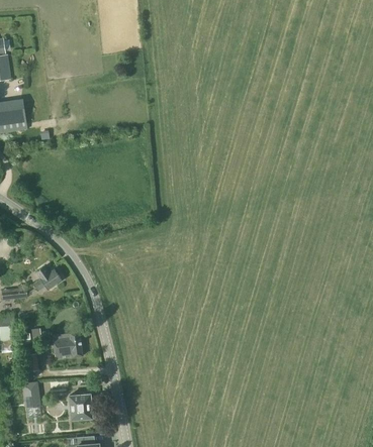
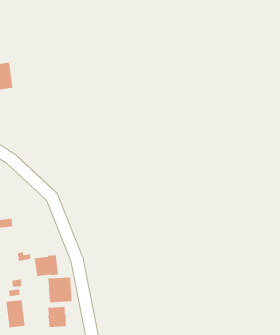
building: [33,266,62,290] -> none
building: none -> [48,277,72,303]

